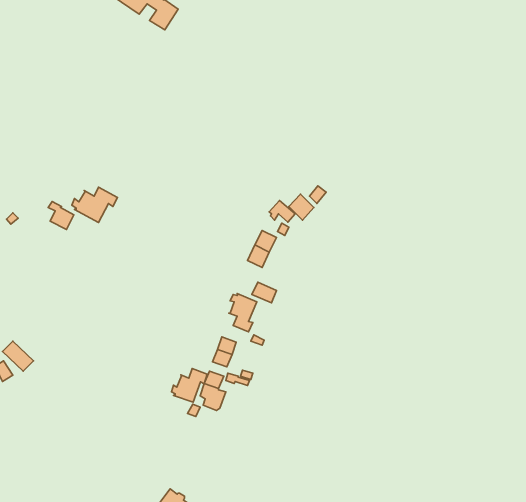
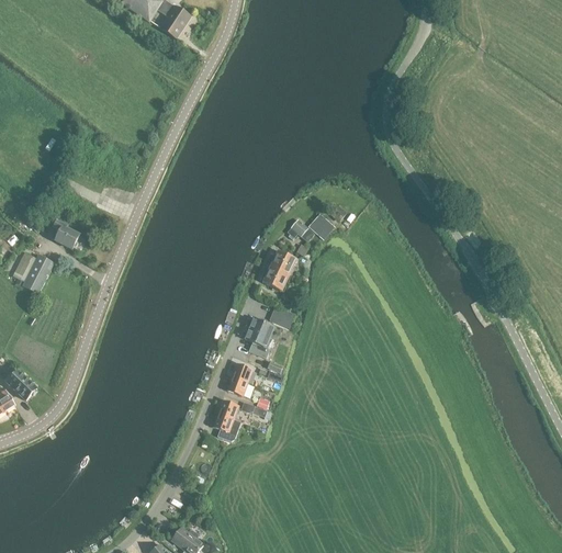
building: [72,187,117,222] -> none
building: none -> [21,253,53,293]
building: [171,368,207,402] -> none

